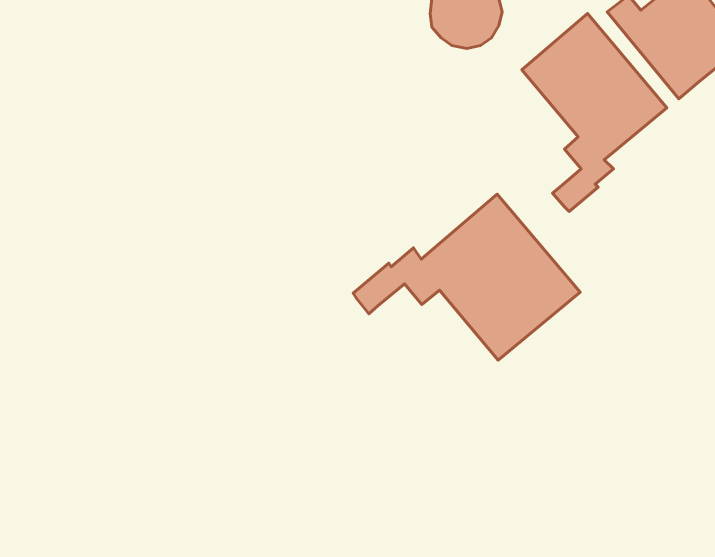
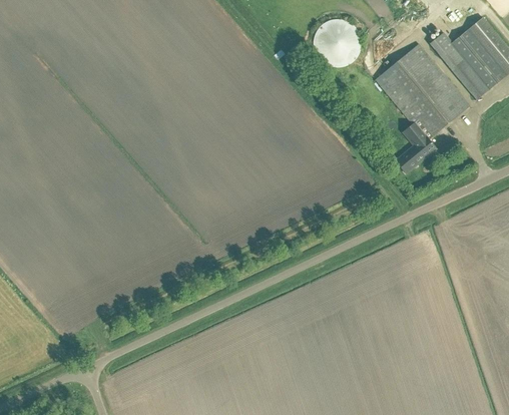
building: [353,194,580,360] -> none

